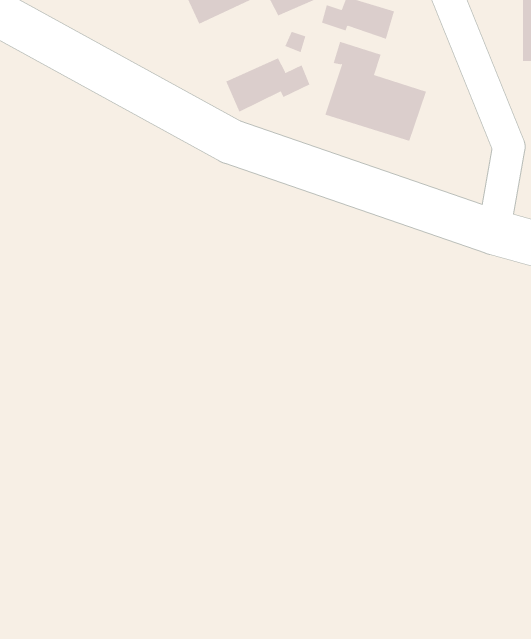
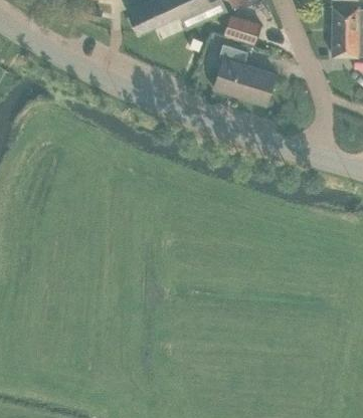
building: [226,58,310,113] -> none

